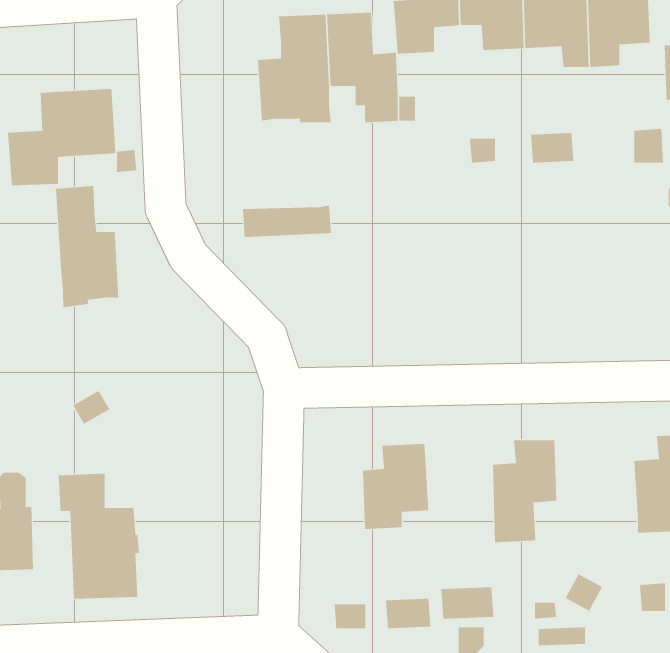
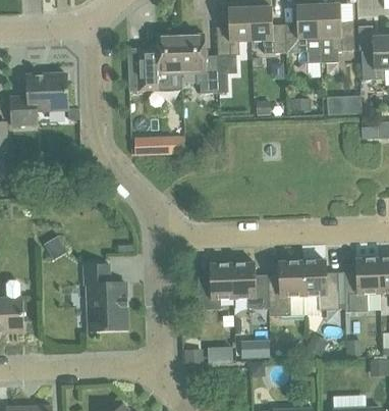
building: [56,185,119,308] -> none
building: none -> [301,260,345,315]
building: none -> [232,262,269,316]
building: [58,473,140,599] -> [84,263,127,330]

